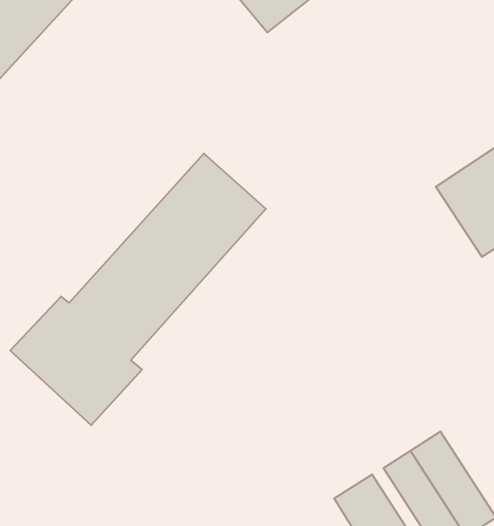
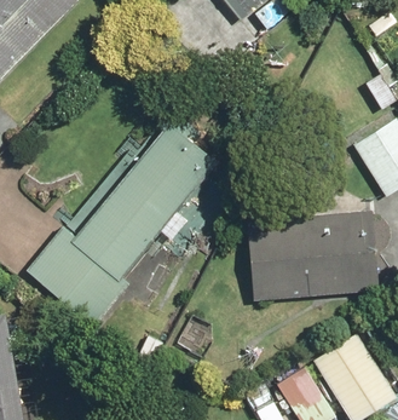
building: none -> [246,211,376,300]

